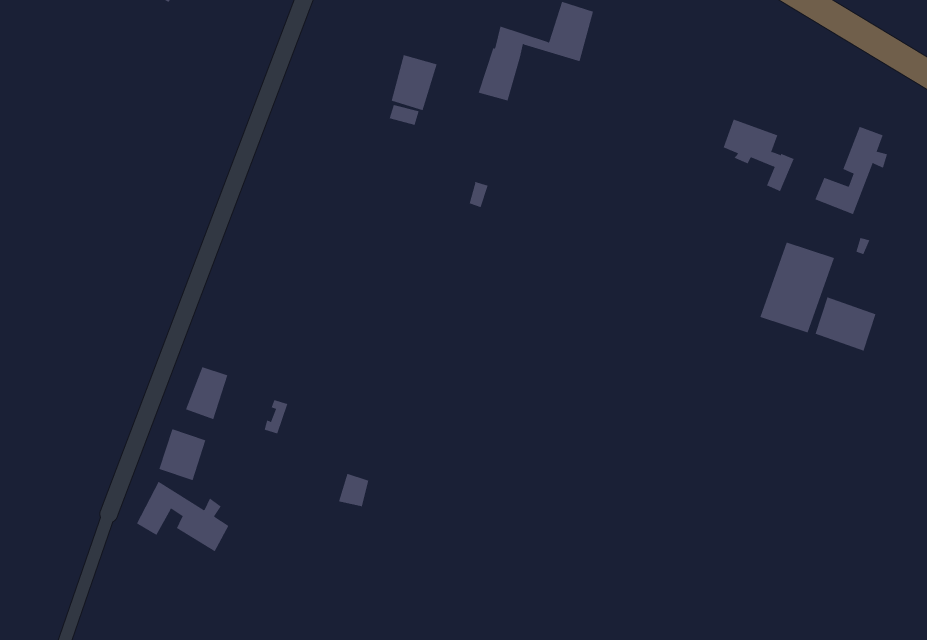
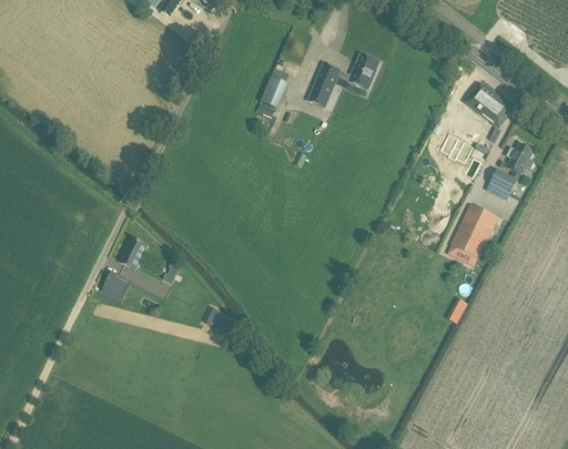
building: none -> [465,82,513,126]
building: [815,297,876,351] -> none
building: [136,481,229,552] -> none

